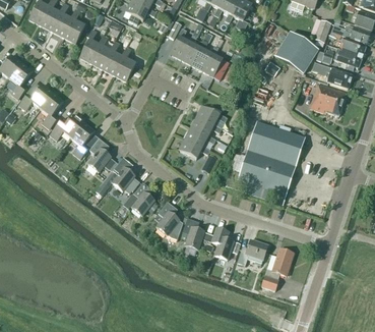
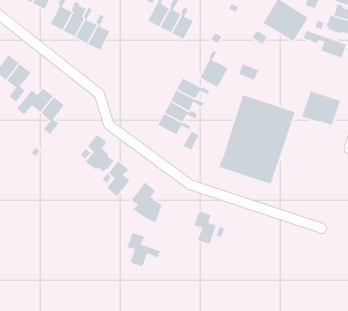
building: [202,45,229,79] -> [200,50,228,87]
building: [310,82,347,115] -> [301,90,341,126]
building: [87,137,110,171] -> none
building: [182,217,213,250] -> [126,232,161,267]
building: [237,238,267,265] -> none
building: [261,248,293,290] -> none

